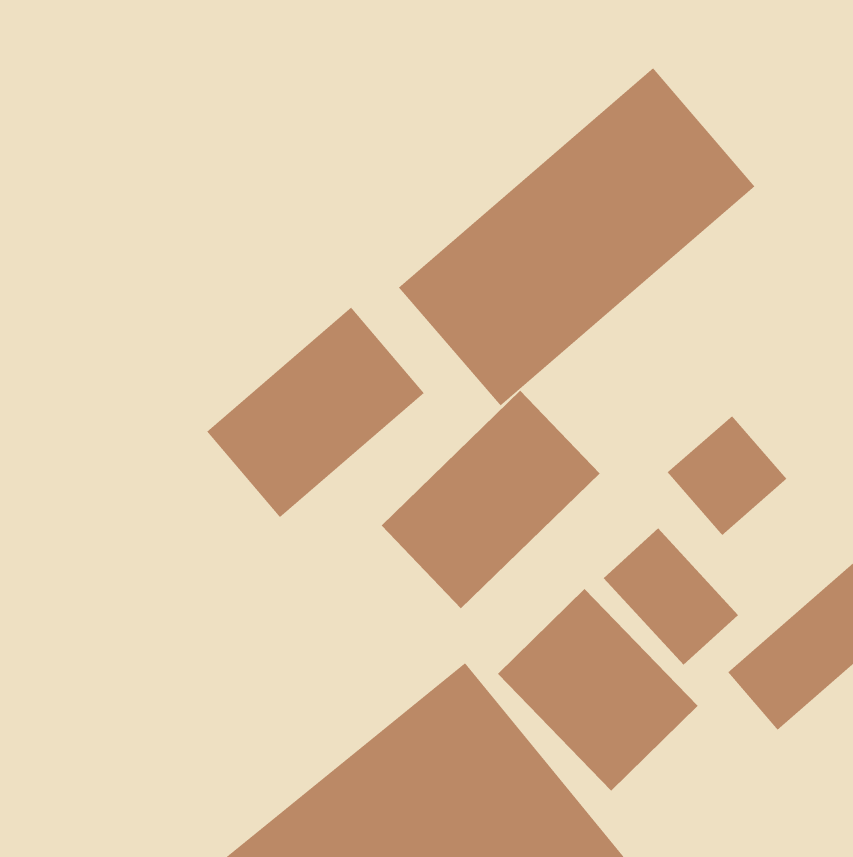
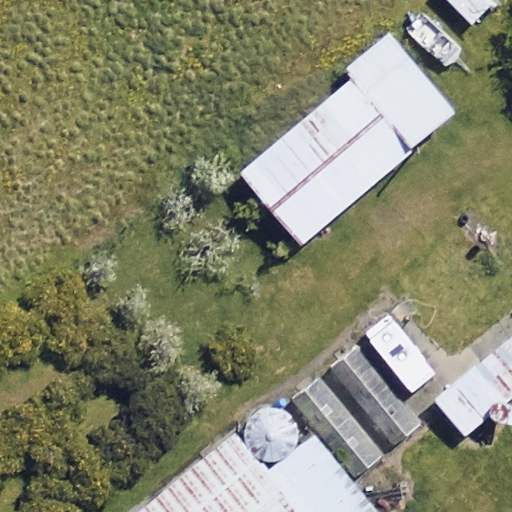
building: [206,307,425,518] -> none
building: [381,390,600,609] -> none

